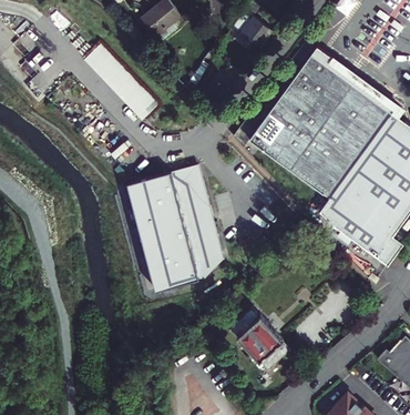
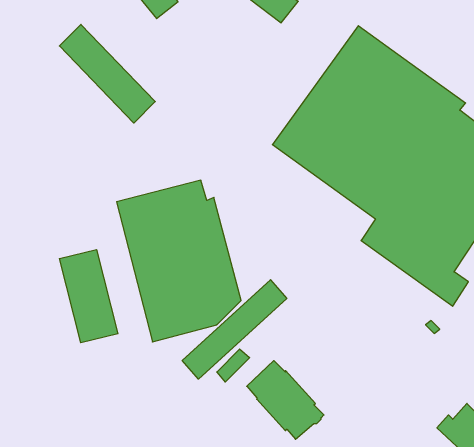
building: none -> [59,250,118,343]
building: none -> [182,280,287,379]

